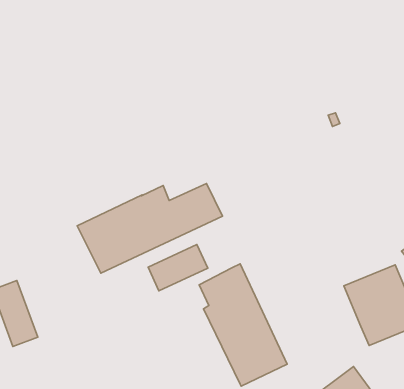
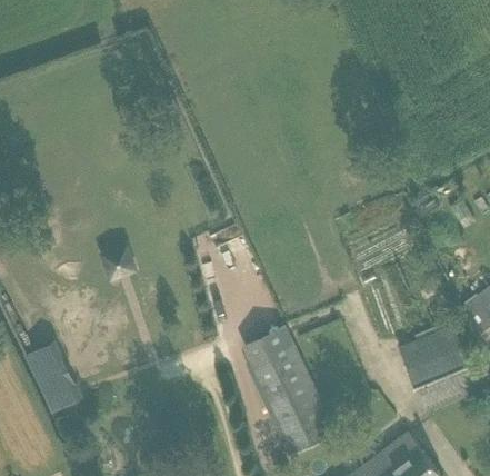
building: [77,183,222,273] -> none
building: [148,244,208,291] -> none

